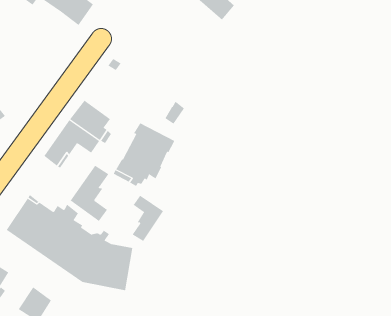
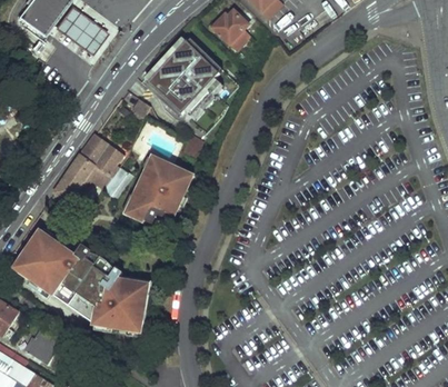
building: none -> [147,41,220,115]
building: [70,165,109,222] -> none
building: [132,195,164,242] -> none

